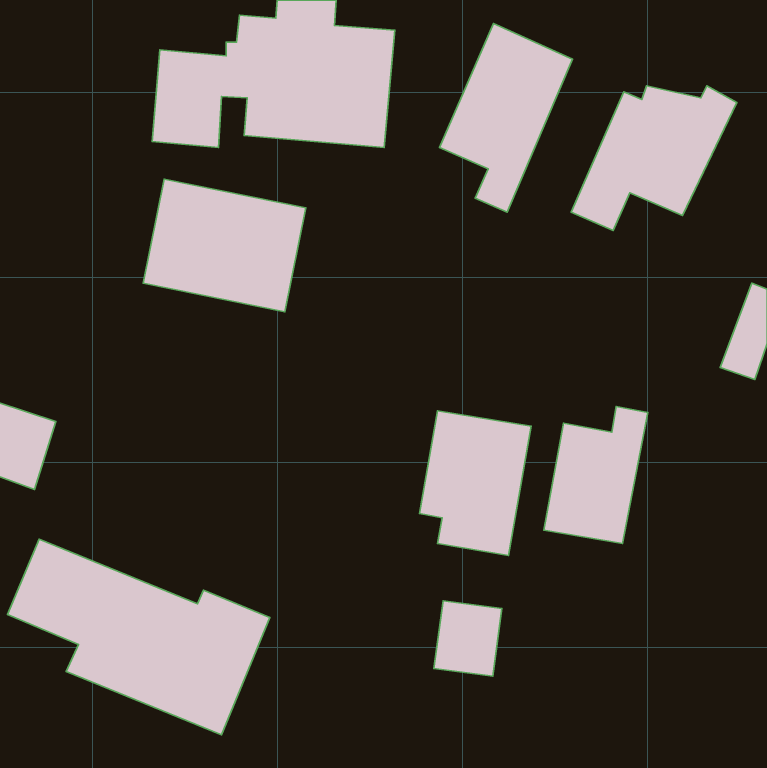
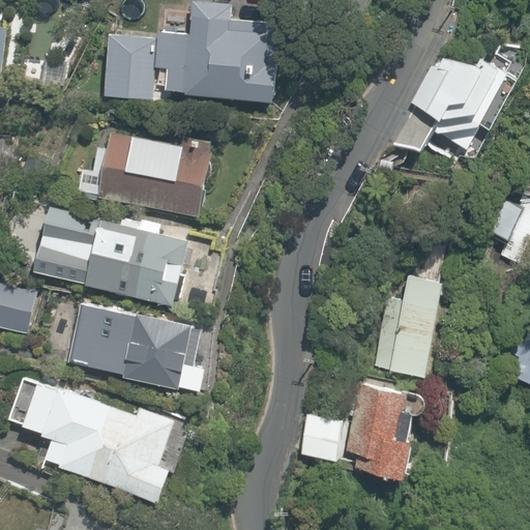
building: [439,24,572,212] -> none
building: none -> [42,210,192,306]
building: [420,411,531,556] -> [344,382,420,481]
building: none -> [62,300,202,396]

